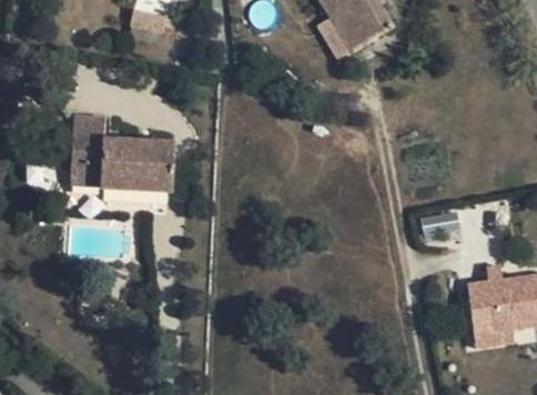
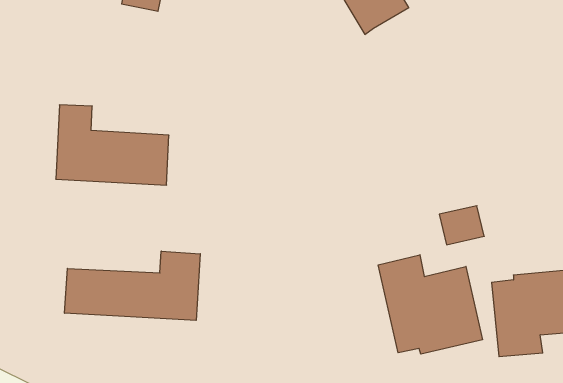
building: none -> [65,251,200,320]
building: none -> [378,255,482,354]

